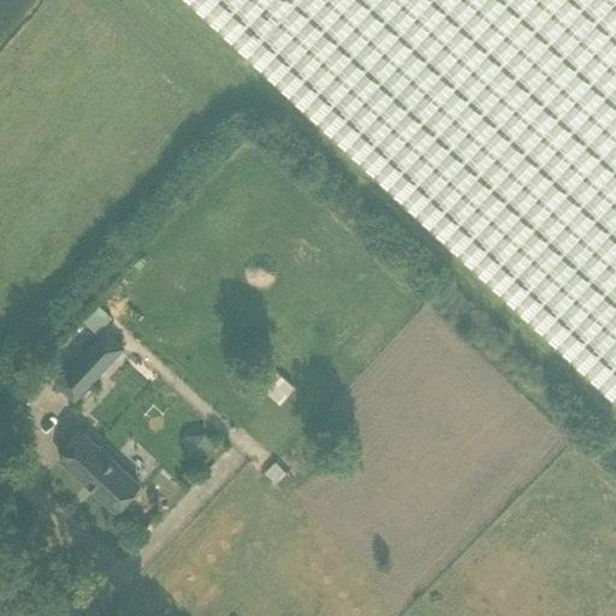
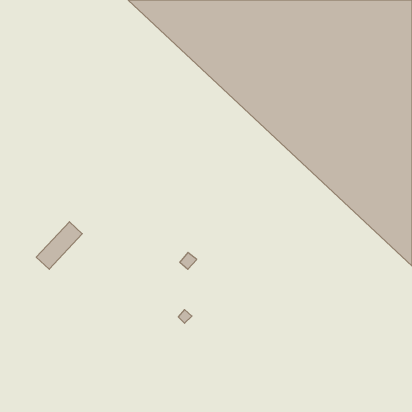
building: [59,433,140,510] -> none

